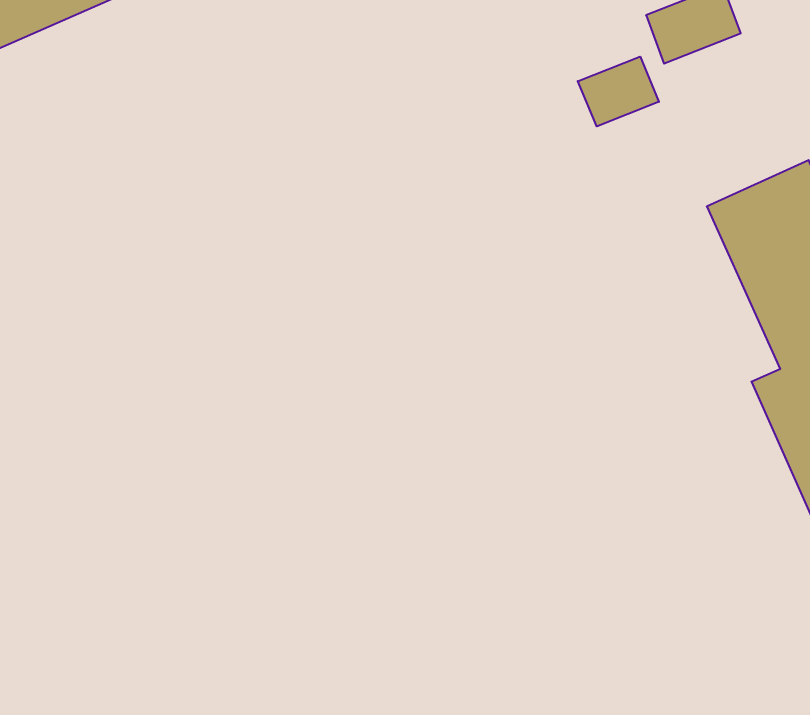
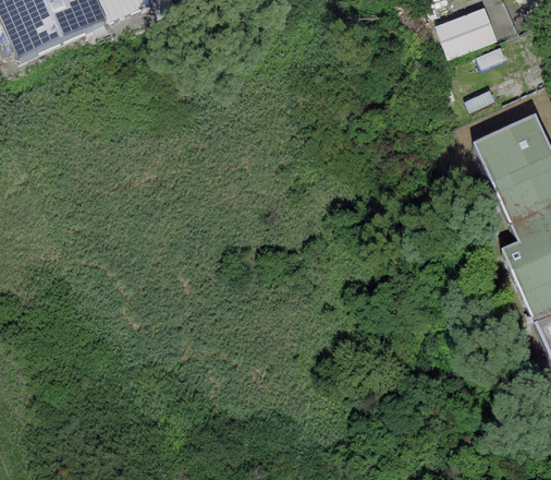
building: [578,57,659,126] -> none

